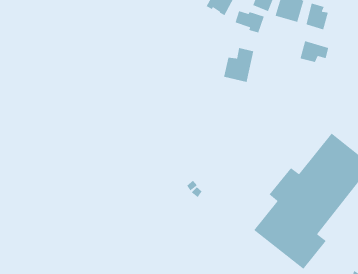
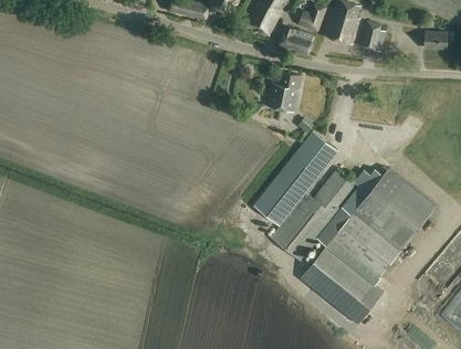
building: [300,40,329,63] -> none
building: none -> [253,131,359,261]

